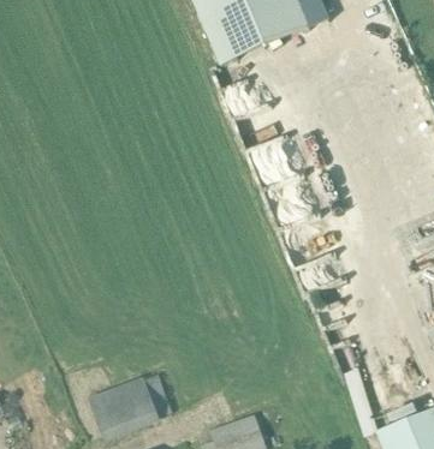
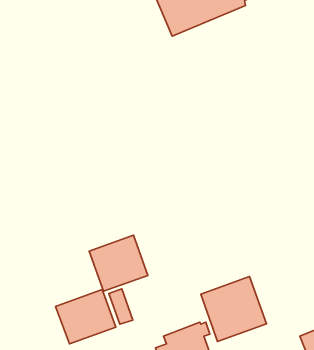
building: none -> [89,235,148,291]
building: none -> [201,277,266,341]

